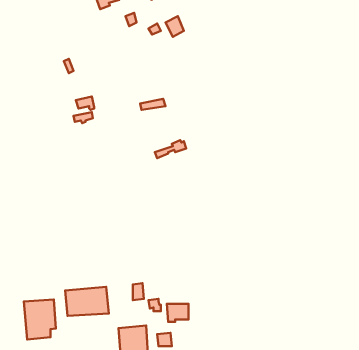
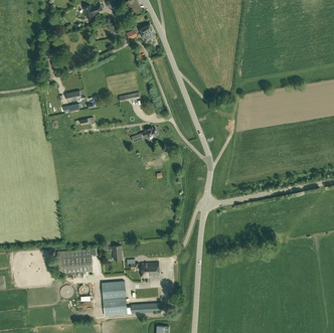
building: [24,299,56,339] -> none

